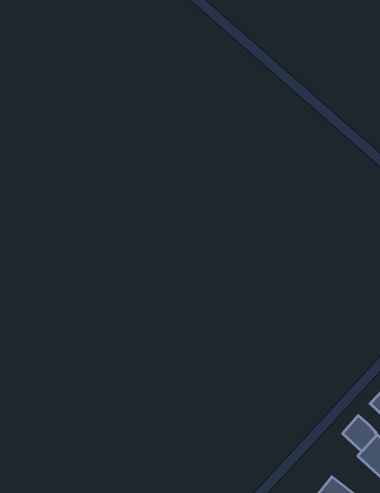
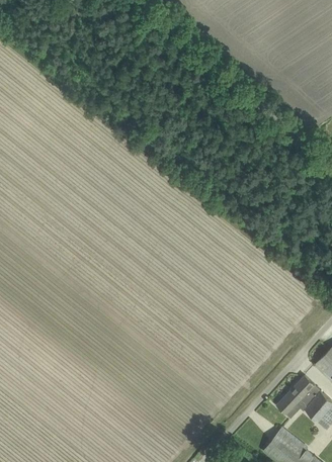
building: none -> [277,390,308,419]

